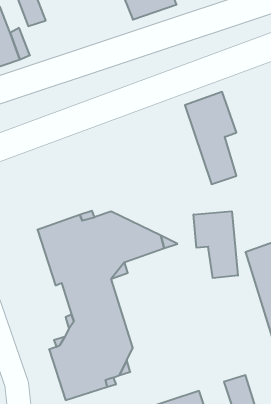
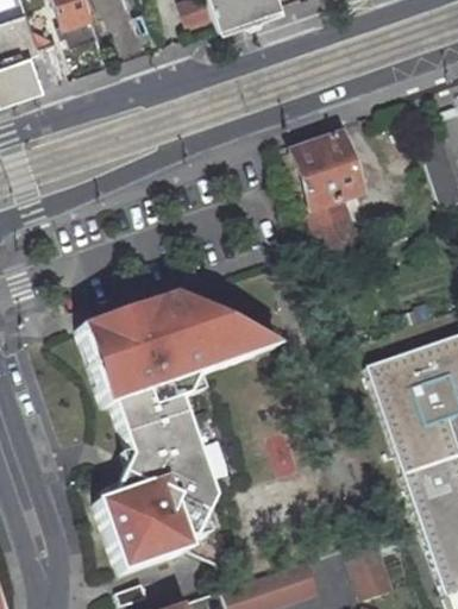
building: [194,211,238,278] -> none

